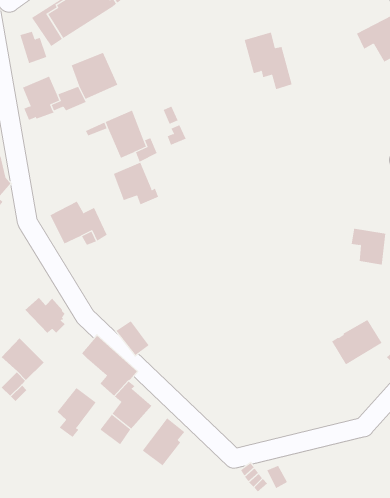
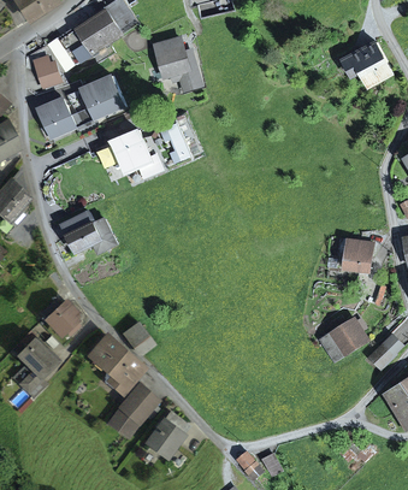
building: [244,32,293,90] -> [155,37,200,90]
building: [113,162,159,205] -> none
building: [57,387,96,438] -> none

